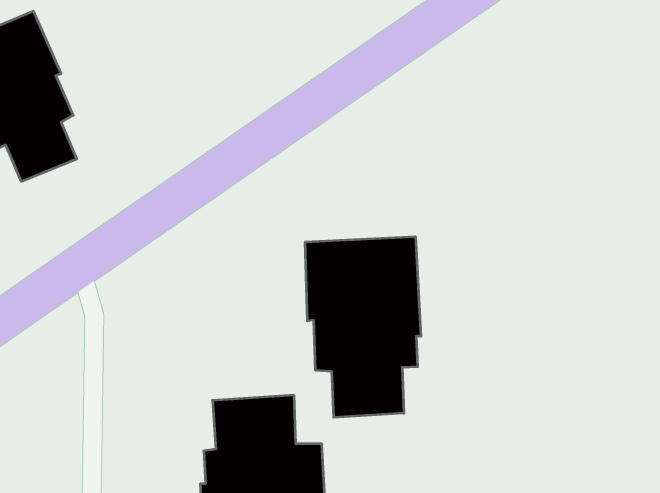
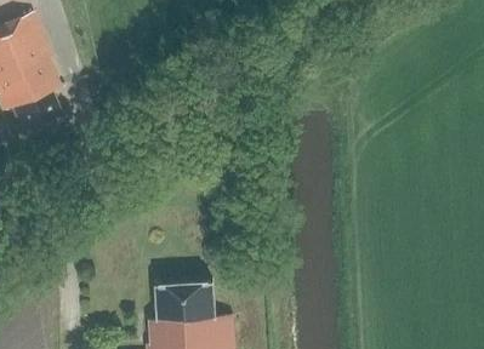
building: [305,237,421,417] -> none

